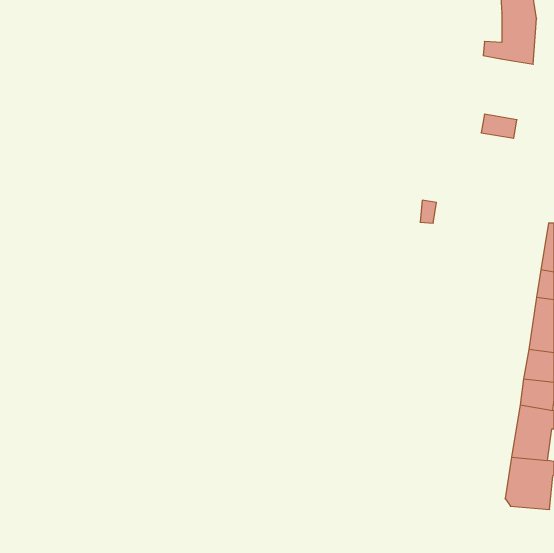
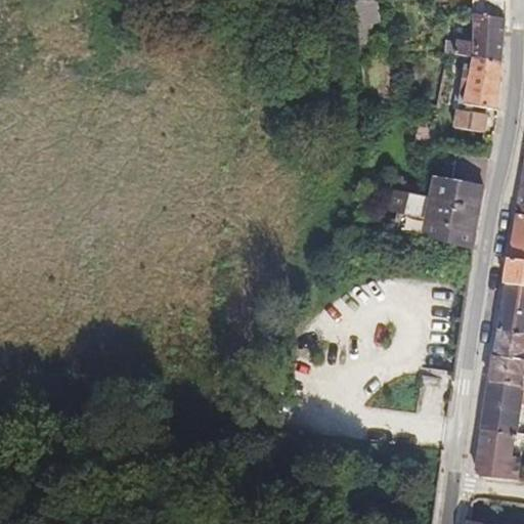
building: none -> [462,55,501,107]
building: none -> [420,177,483,248]

